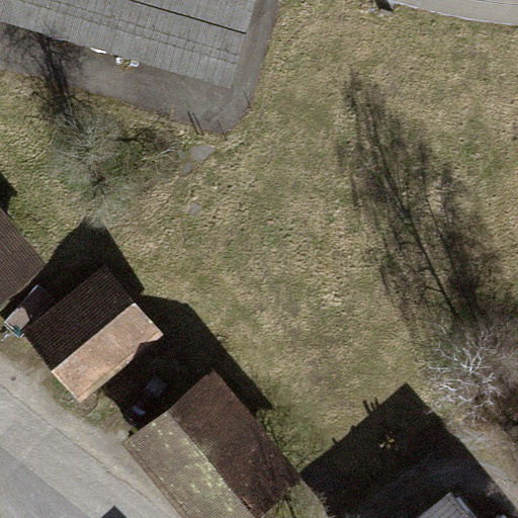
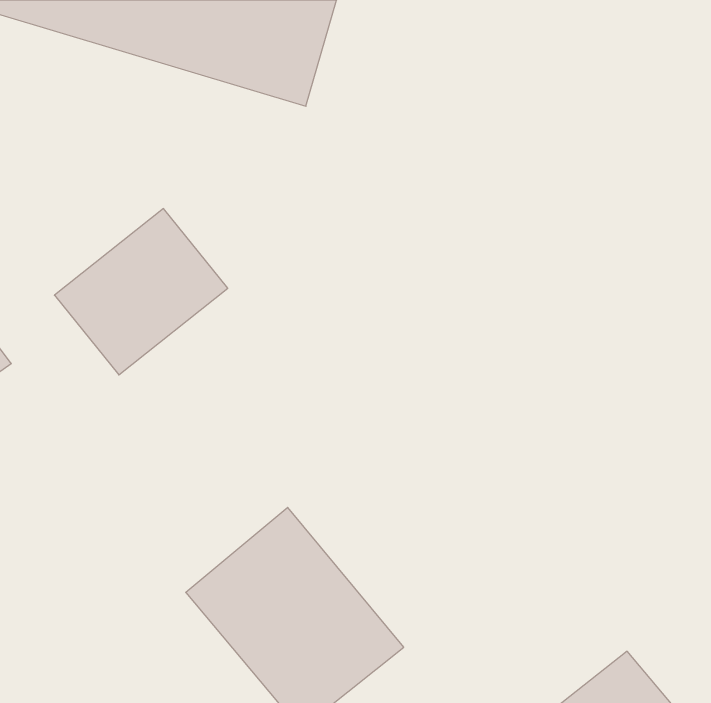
building: [29,271,155,392] -> [54,209,228,375]

